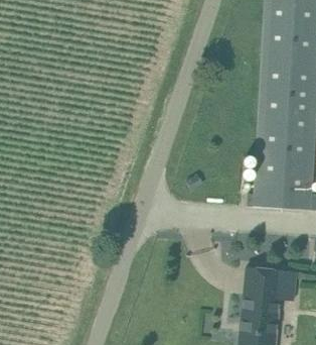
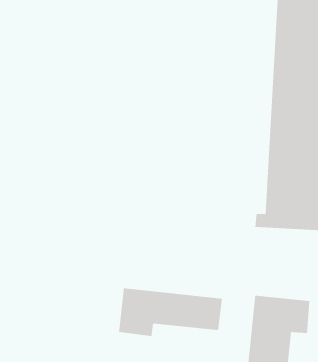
building: none -> [119,288,223,337]

